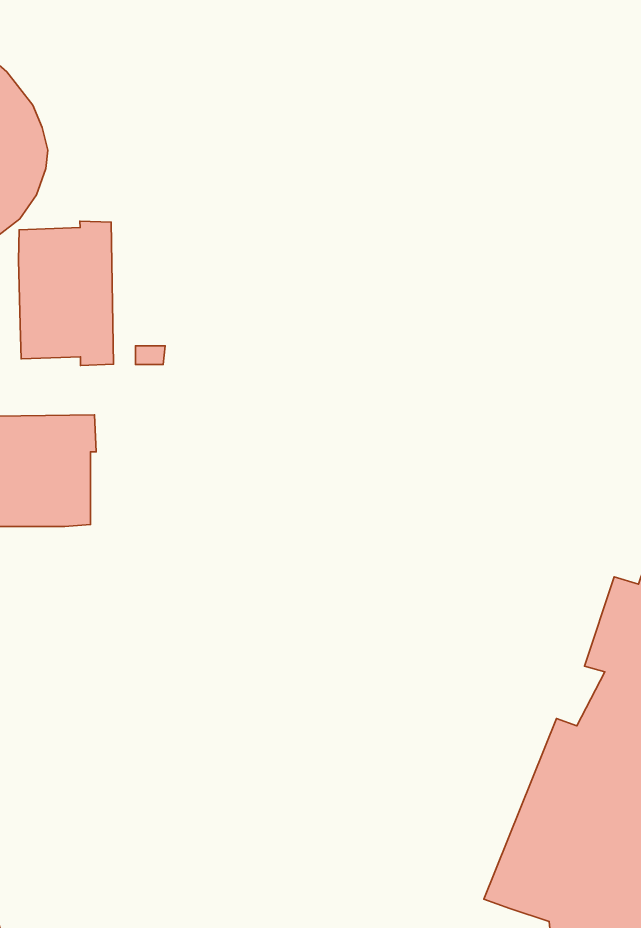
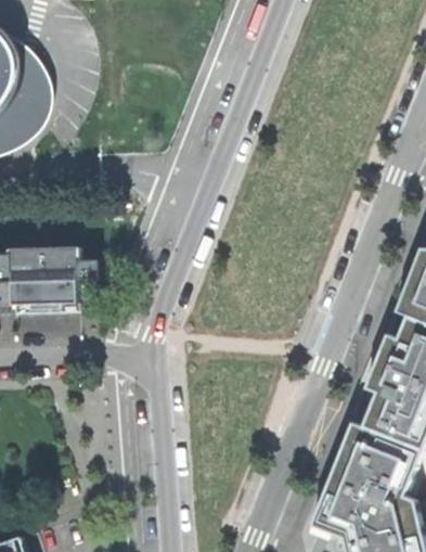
building: [18,221,113,365] -> none

